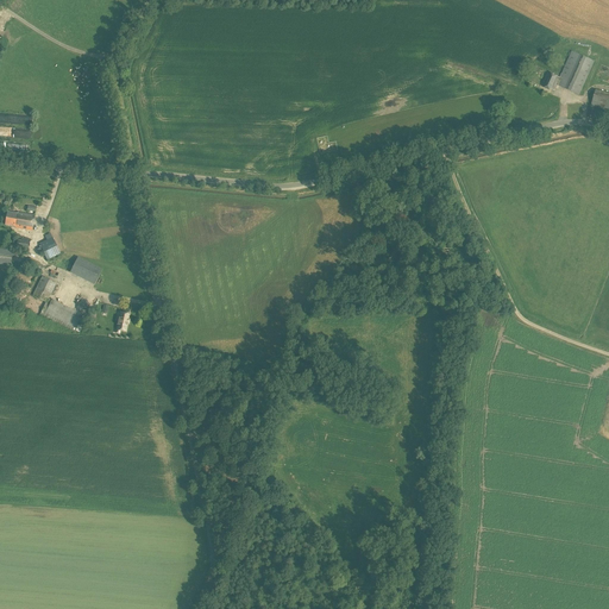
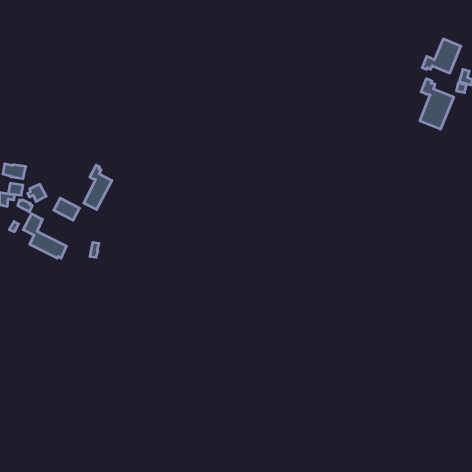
building: none -> [420,79,454,129]
building: none -> [84,165,112,210]

